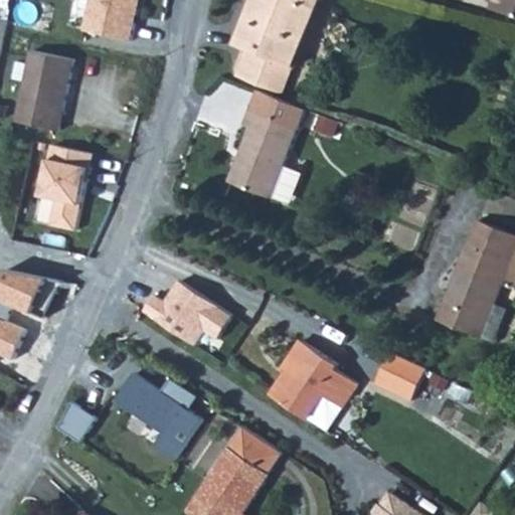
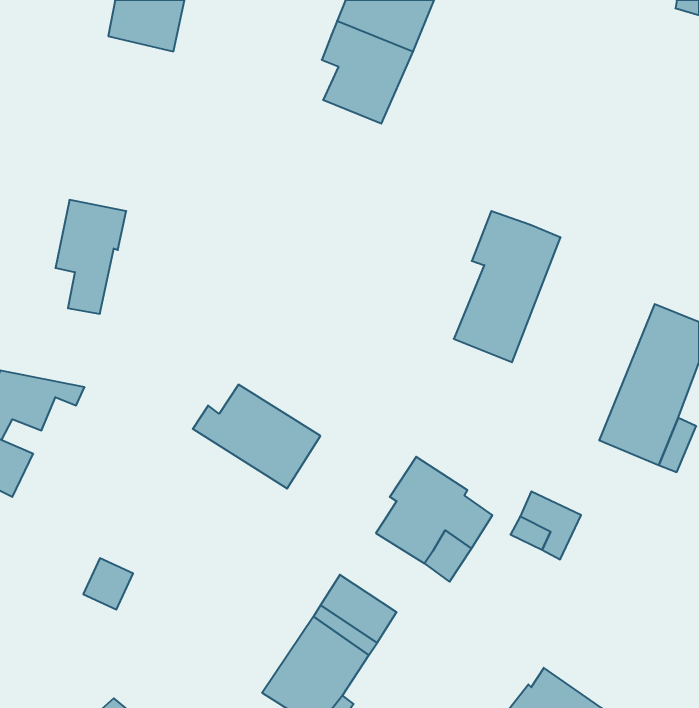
building: [11,50,67,130] -> none
building: [228,89,306,198] -> [454,211,561,362]
building: [112,371,202,465] -> none

